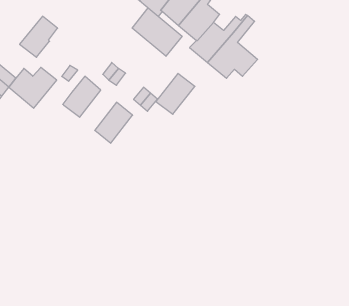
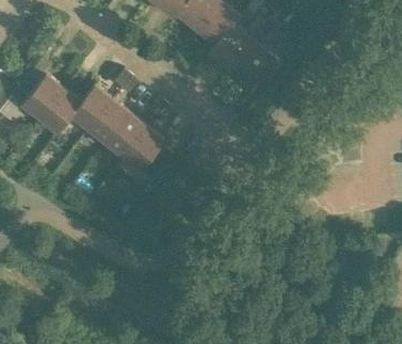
building: [132,8,182,56] -> none
building: [20,16,58,57] -> [39,88,81,133]
building: [156,73,195,114] -> [123,126,166,171]
building: none -> [89,99,130,143]

